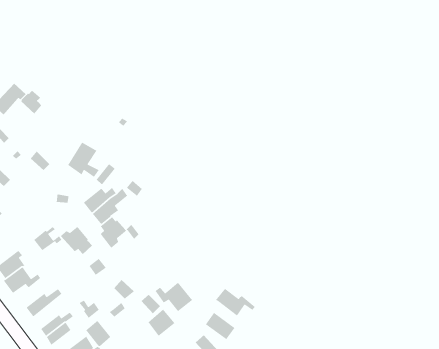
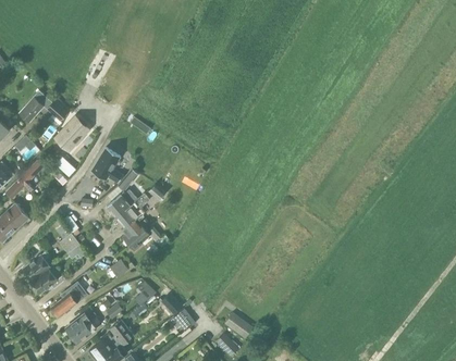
building: none -> [57,116,89,149]
building: [60,226,93,255] -> none
building: [155,282,193,312] -> none
building: [215,288,256,316] -> none

